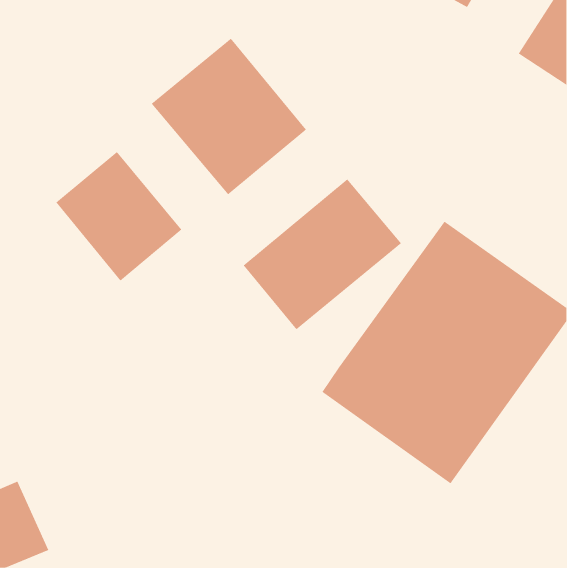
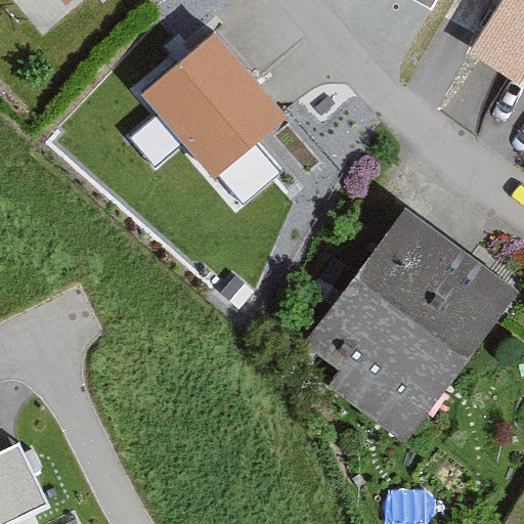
building: [56,151,182,282] -> none
building: [243,178,402,330] -> none

